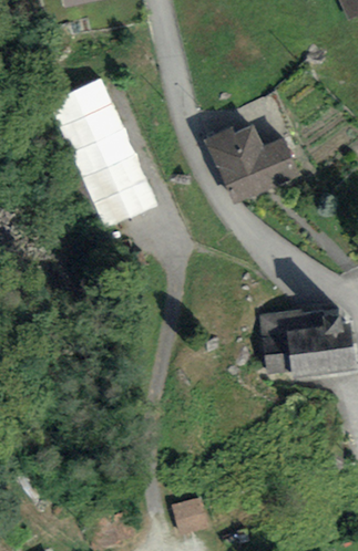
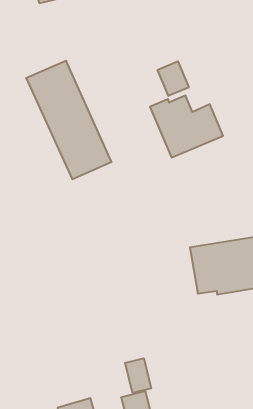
building: none -> [158,61,189,96]
building: none -> [125,358,151,393]

